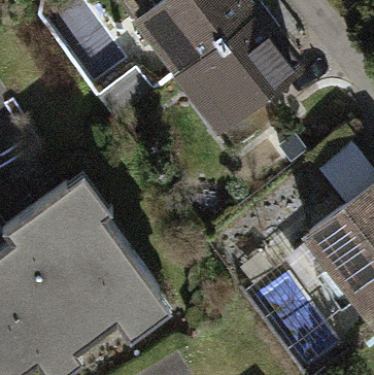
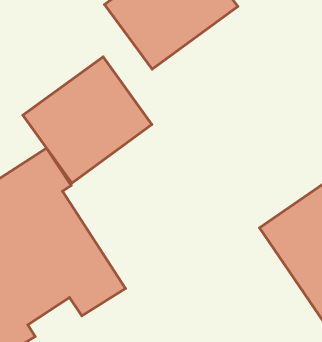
building: [181,19,301,154] -> none
building: none -> [23,57,152,183]

